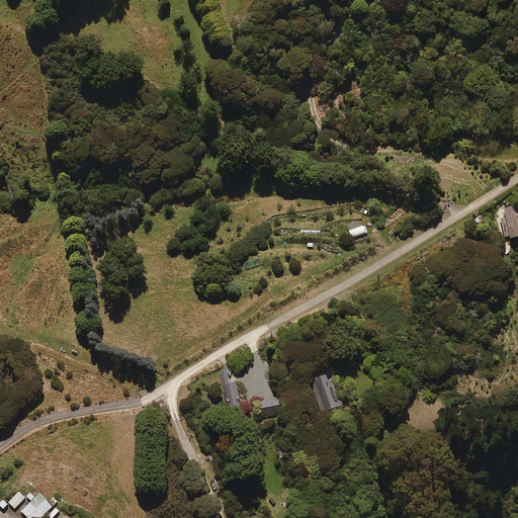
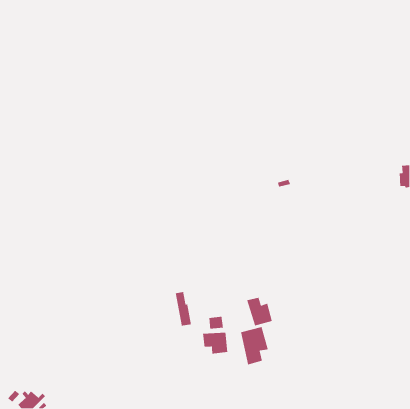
building: none -> [240,326,269,365]
building: none -> [202,332,228,355]

